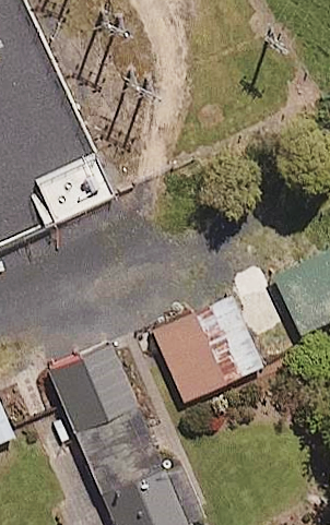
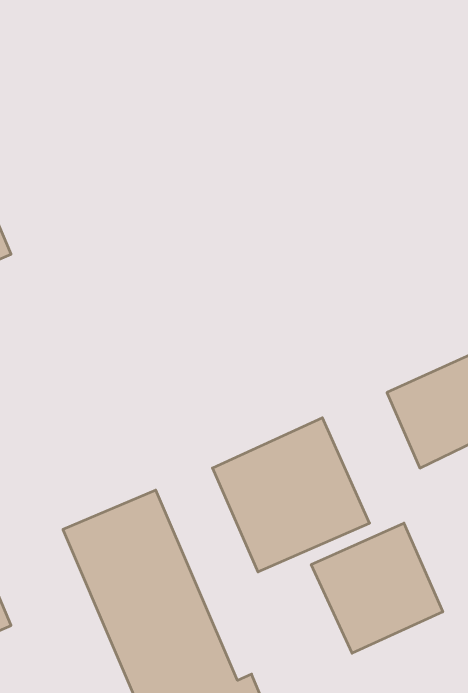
building: none -> [311,523,443,653]

